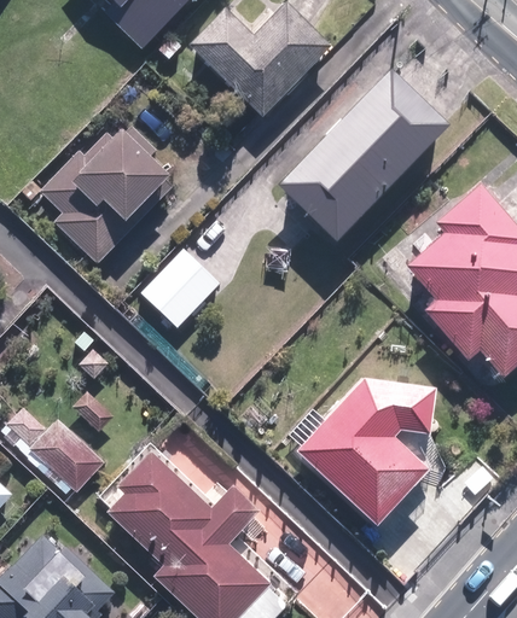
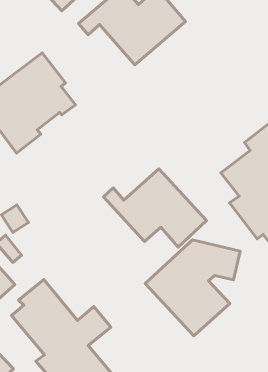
building: [274,74,443,246] -> none
building: [141,246,220,325] -> none
building: none -> [104,169,206,247]

